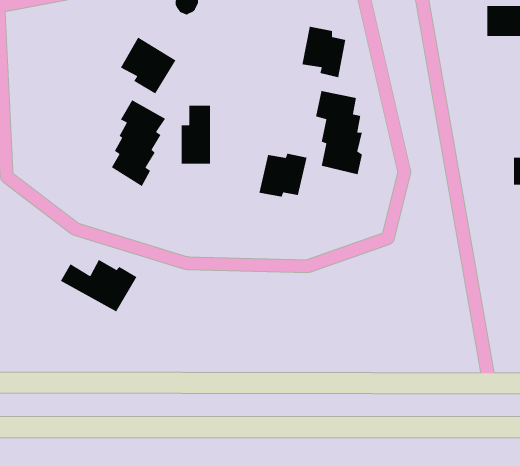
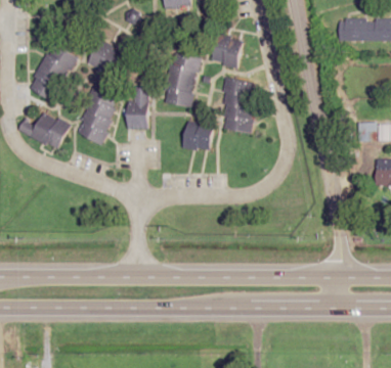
building: none -> [30,45,78,101]
building: none -> [166,54,201,107]
building: [60,259,137,312] -> [17,113,71,150]

